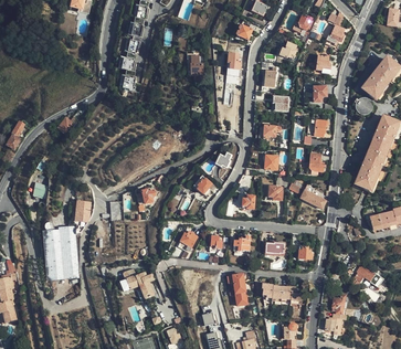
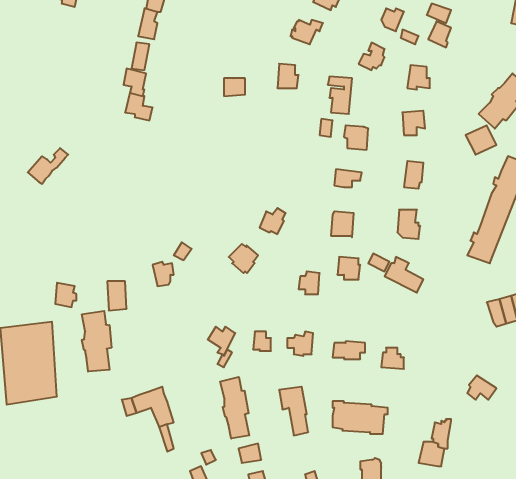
building: none -> [82,311,111,372]
building: none -> [220,377,249,439]

